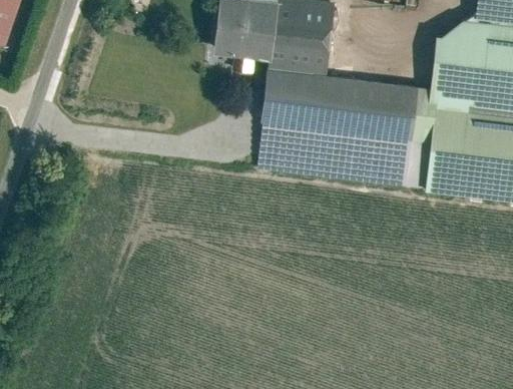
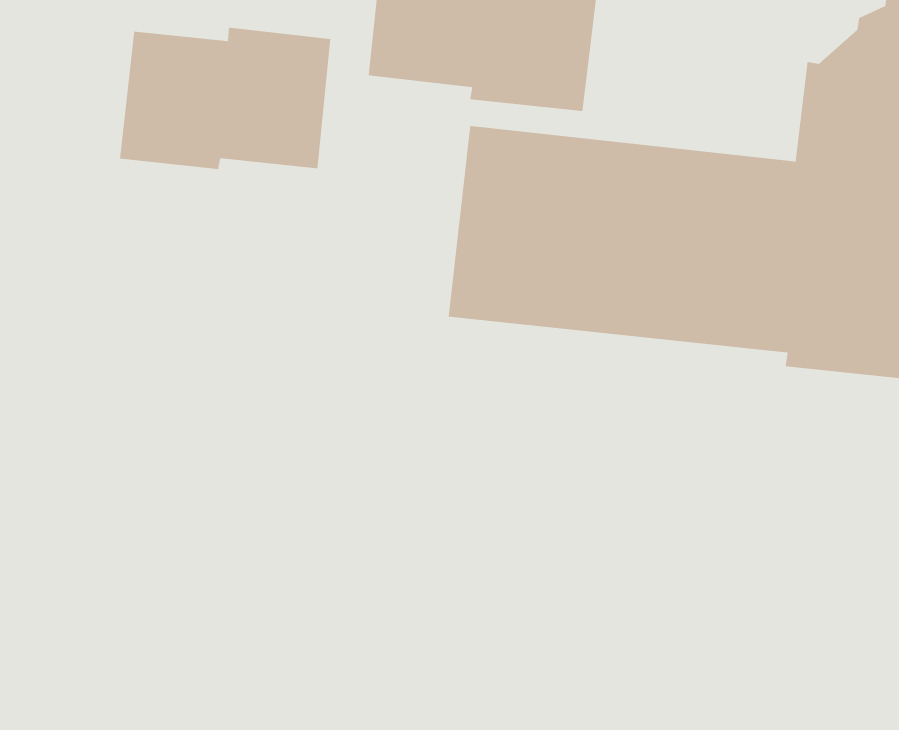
building: none -> [120,27,331,170]

